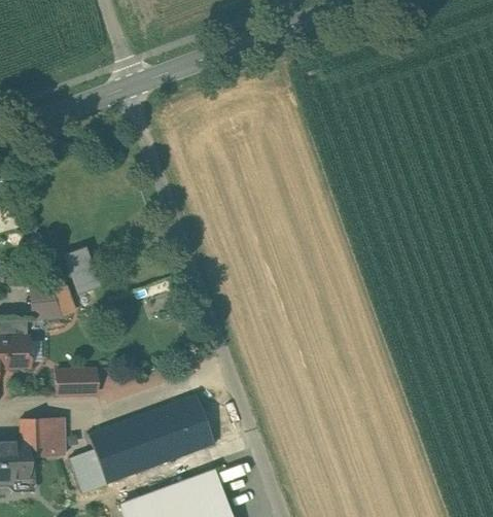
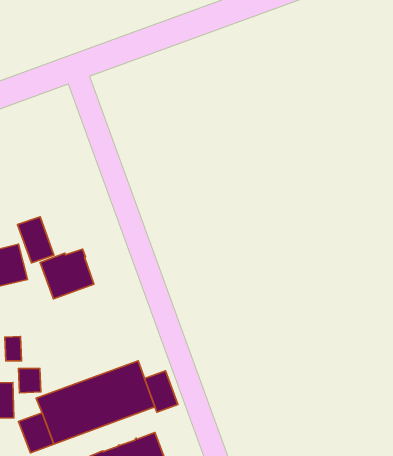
building: none -> [40,249,94,299]
building: [72,369,96,394] -> [18,368,41,393]
building: none -> [144,371,178,412]

